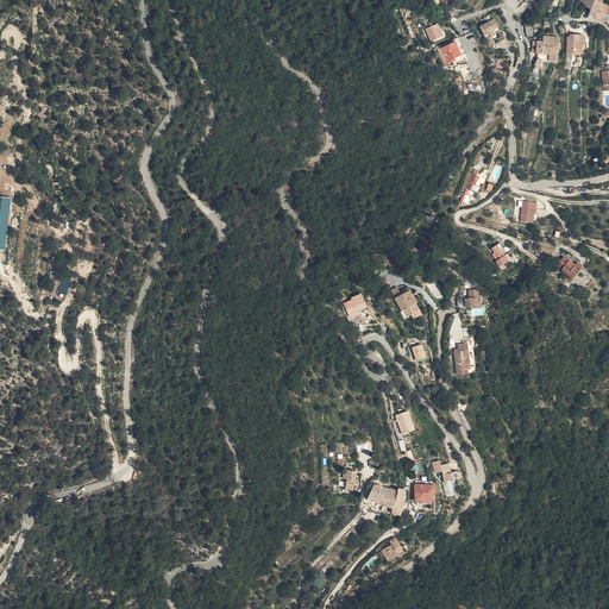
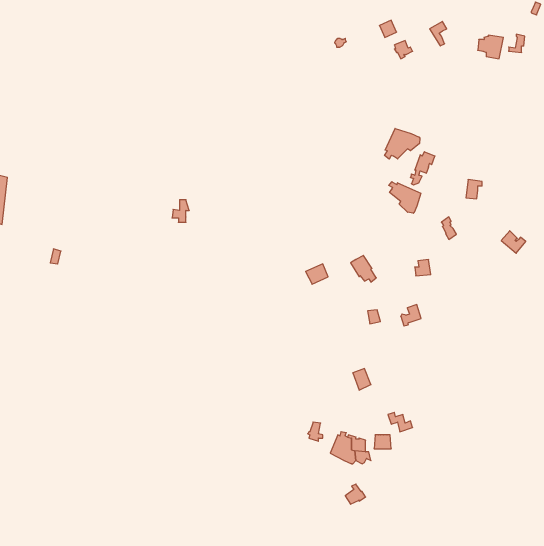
building: none -> [385,128,420,159]
building: none -> [389,182,421,213]

